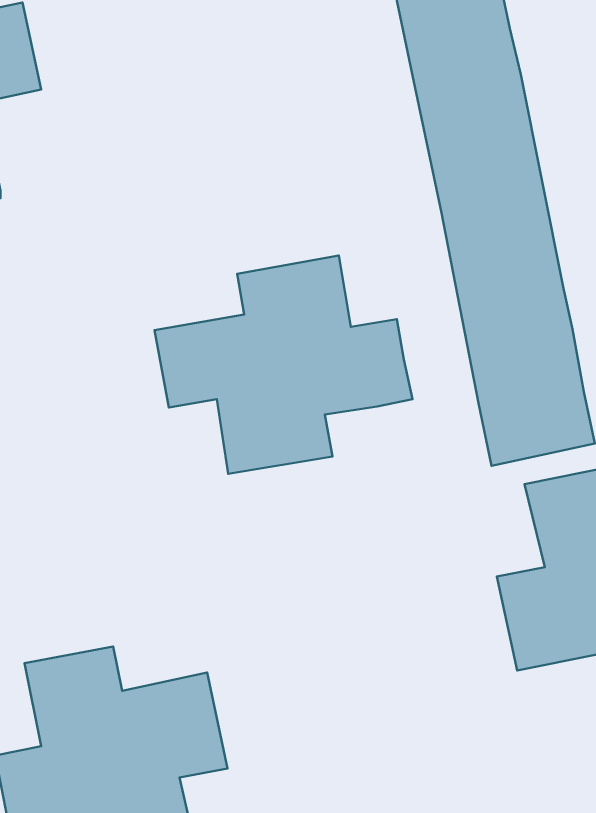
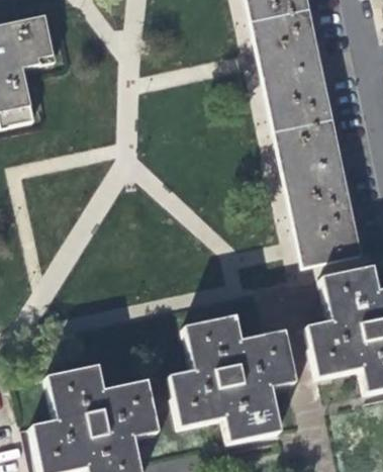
building: [154,256,413,474] -> none
building: none -> [169,315,296,441]

